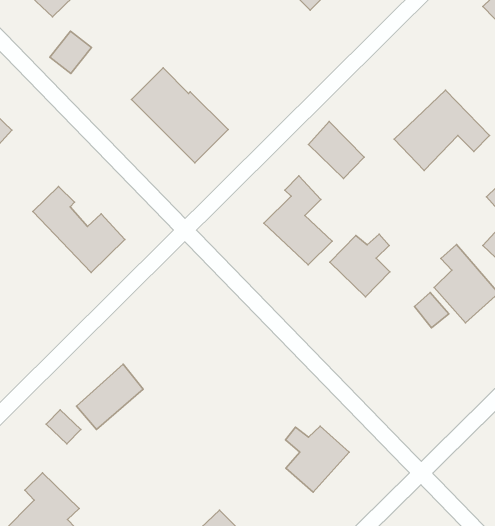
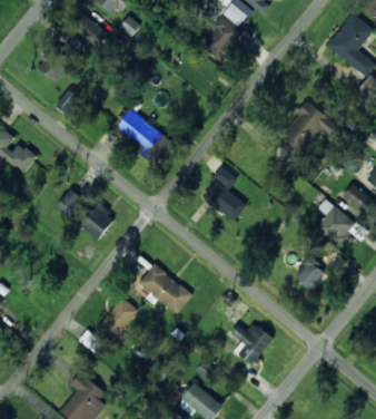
building: [308,122,364,179] -> none
building: [330,234,390,297] -> none
building: none -> [139,264,192,315]
building: none -> [294,257,327,291]

